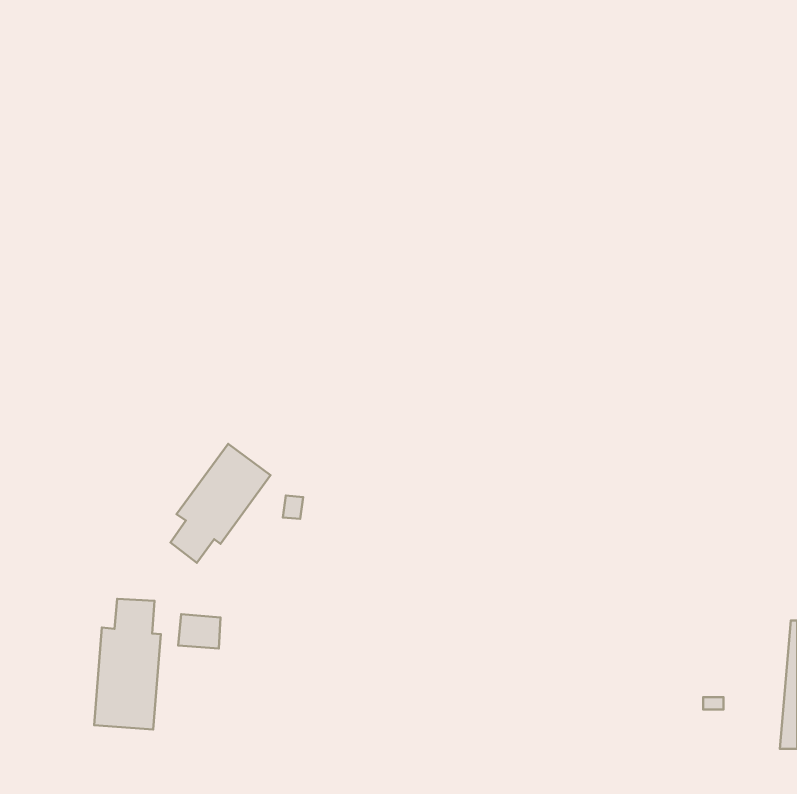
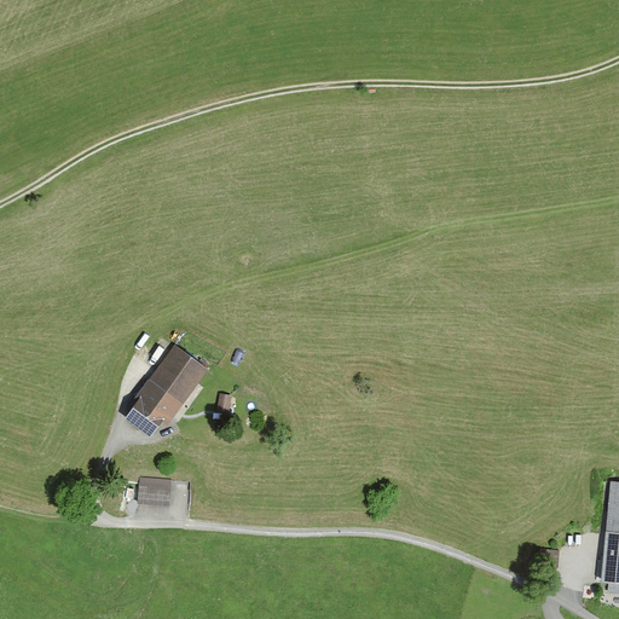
building: [94,599,161,729] -> none

